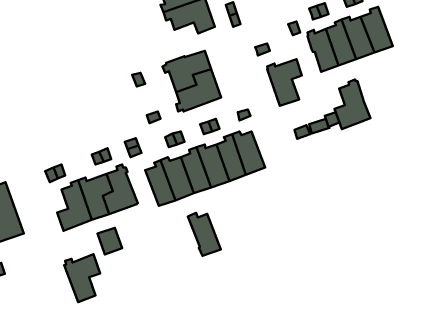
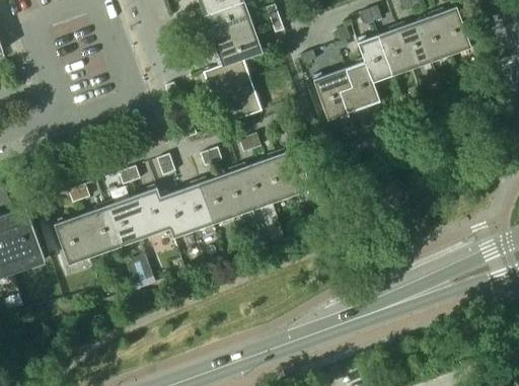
building: none -> [436,7,471,54]
building: none -> [211,27,263,66]
building: [335,79,370,129] -> [341,58,380,112]
building: [188,213,221,256] -> [157,189,194,237]
building: [64,254,100,302] -> [54,212,93,264]

